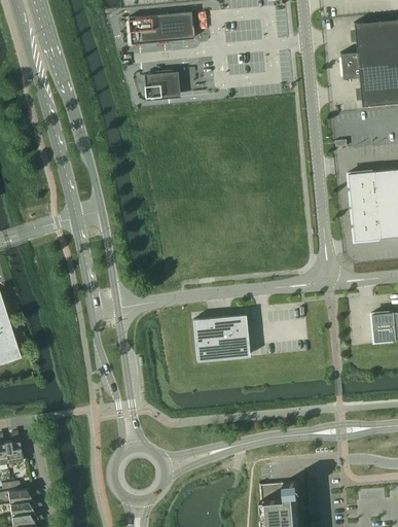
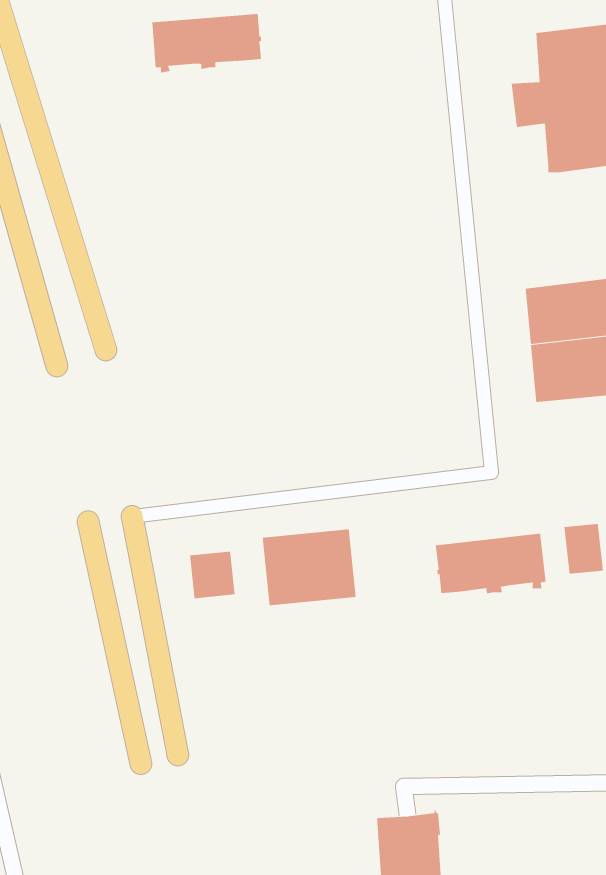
building: [146,73,175,102] -> none
building: none -> [435,533,546,594]
building: none -> [189,551,235,599]

